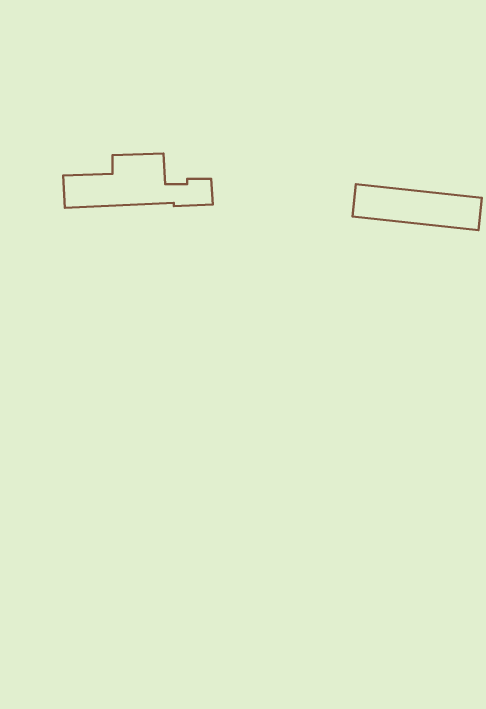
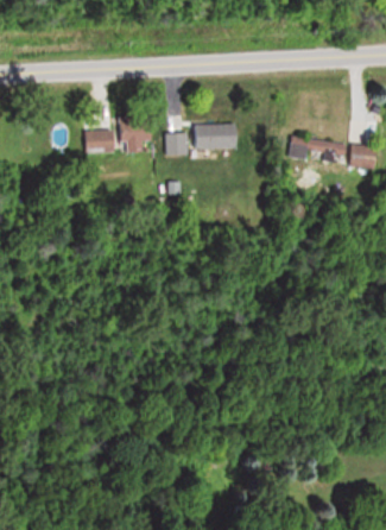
building: none -> [195,124,238,149]

